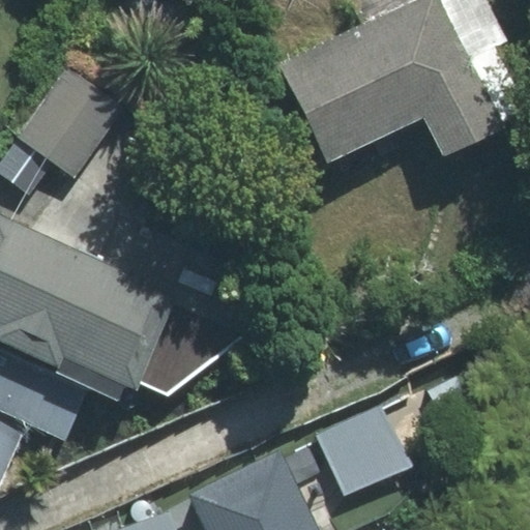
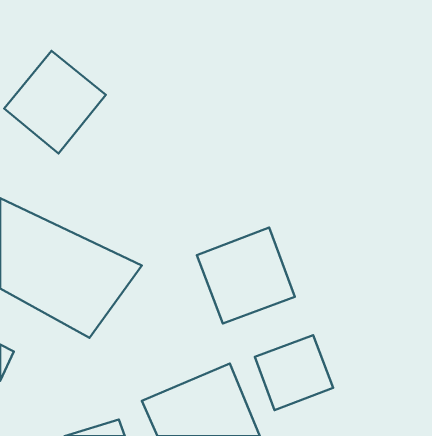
building: [278,7,485,182] -> none
building: none -> [197,228,295,324]

